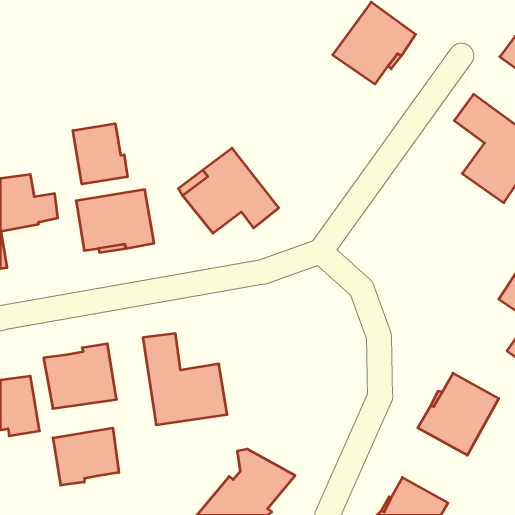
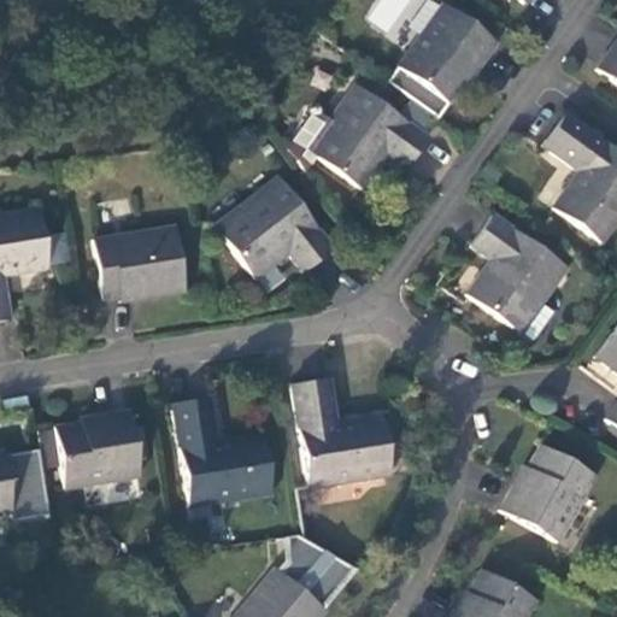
building: none -> [288,83,436,187]
building: [73,124,127,184] -> none
building: none -> [468,212,569,340]
building: none -> [292,376,393,486]
building: [53,428,119,485] -> none

